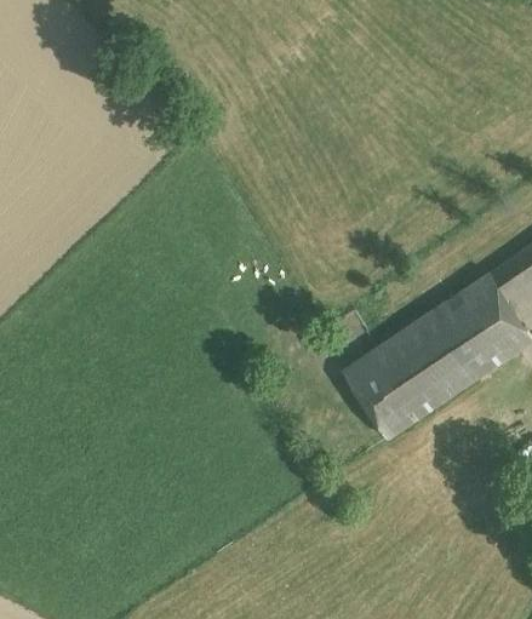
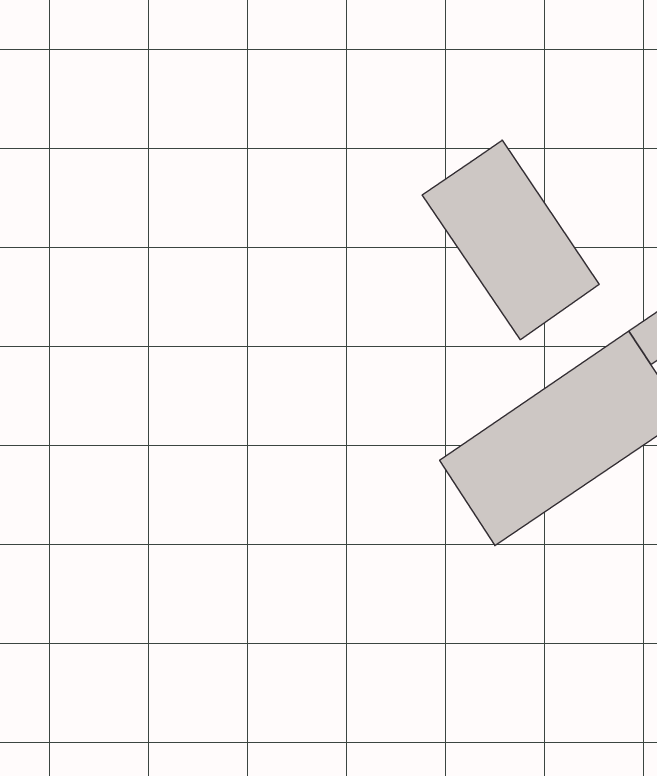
building: none -> [422,140,599,340]

